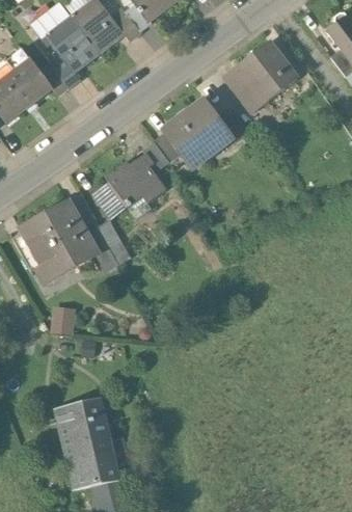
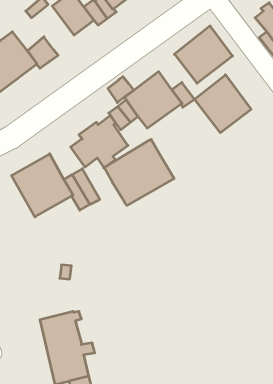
building: [46,16,98,71] -> none
building: none -> [194,75,251,133]
building: none -> [108,77,134,103]
building: none -> [104,139,174,205]
building: [50,305,74,333] -> none

